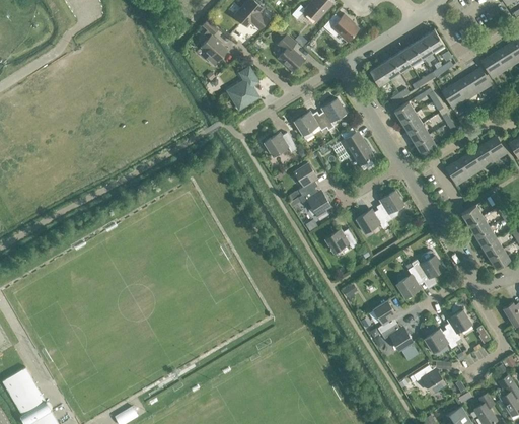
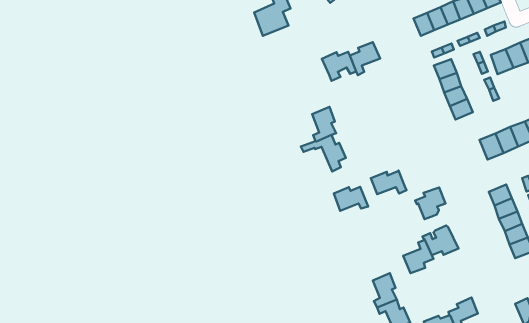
building: [341,129,373,170] -> none
building: [264,133,297,156] -> none
building: [376,192,403,222] -> [415,188,446,219]

